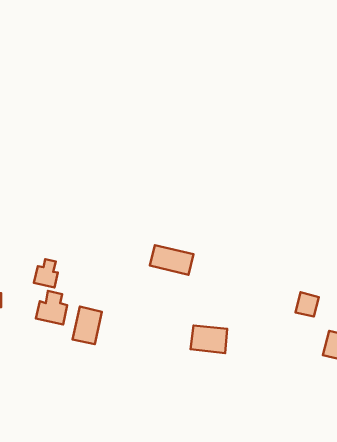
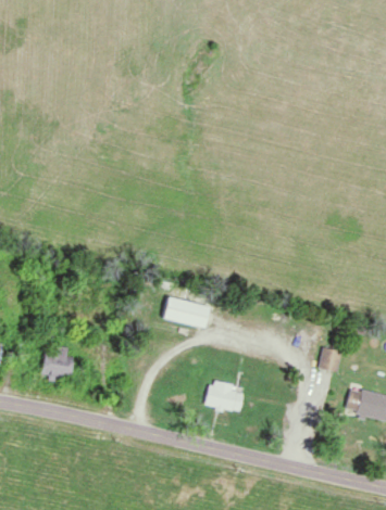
building: [34,259,58,288] -> none
building: [73,307,102,344] -> none

